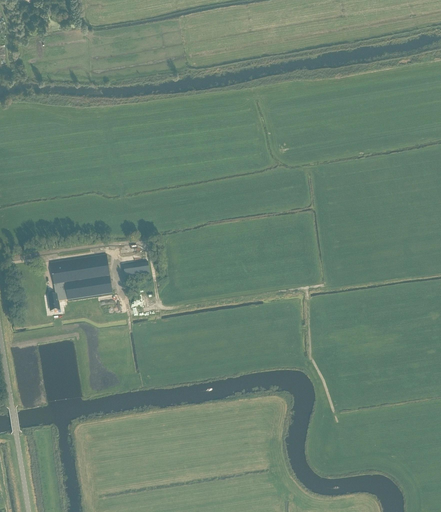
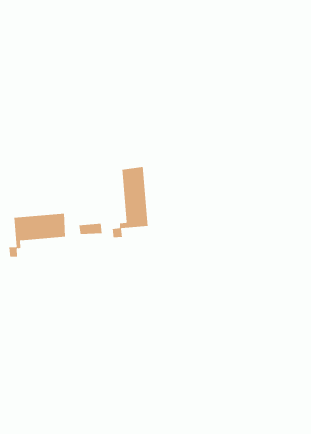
building: none -> [112,166,148,238]

